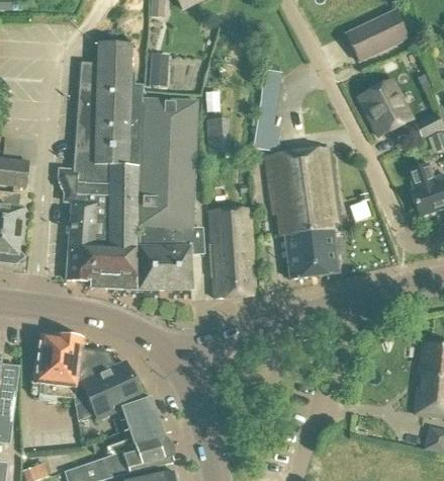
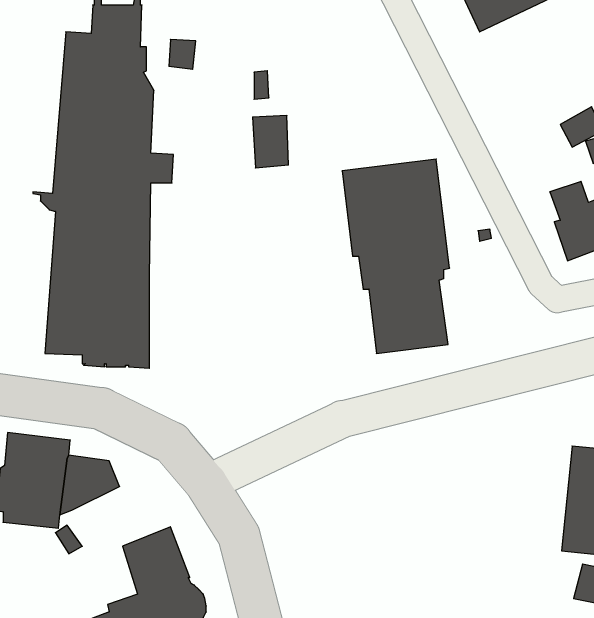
building: [252,68,282,150] -> none
building: [359,79,413,136] -> none
building: [132,83,203,289] -> none
building: [207,207,255,297] -> none
building: [84,365,139,418] -> none

